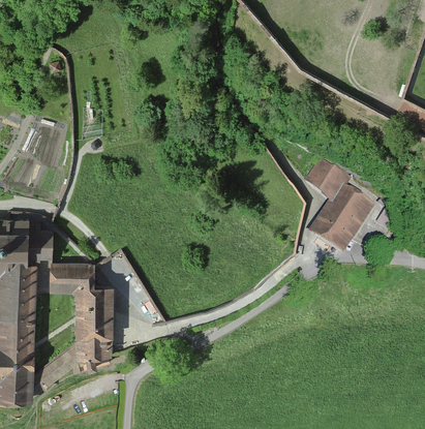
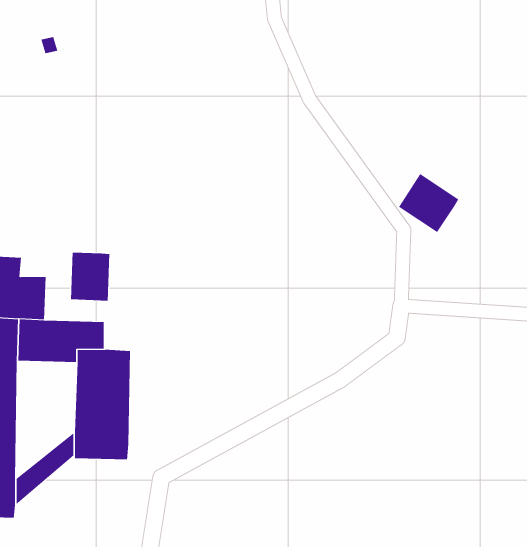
building: [311,182,374,250] -> none
building: none -> [70,252,110,302]

